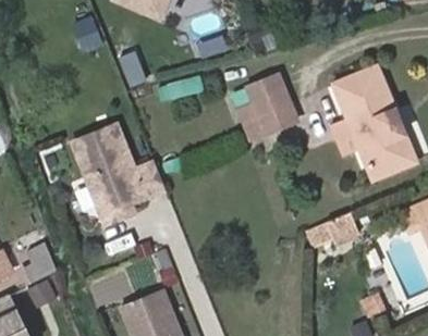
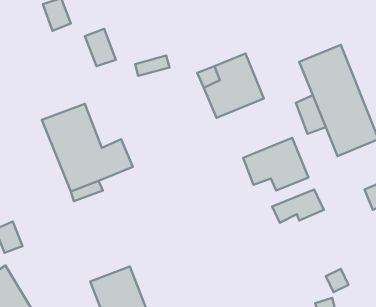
building: none -> [243,138,309,191]

